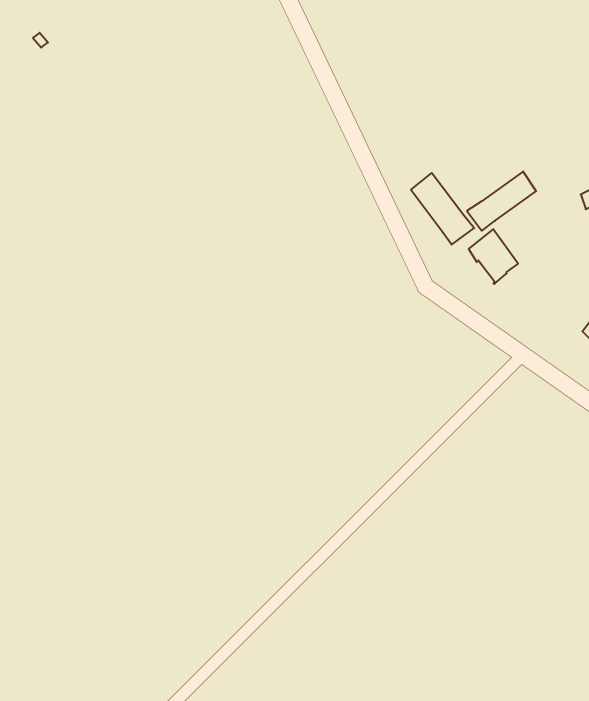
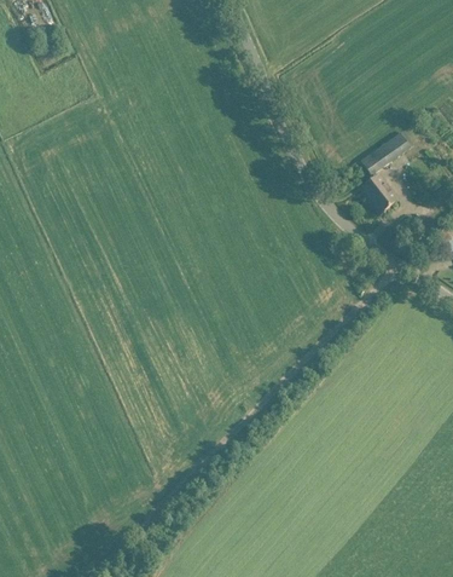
building: [411,173,474,245] -> none

